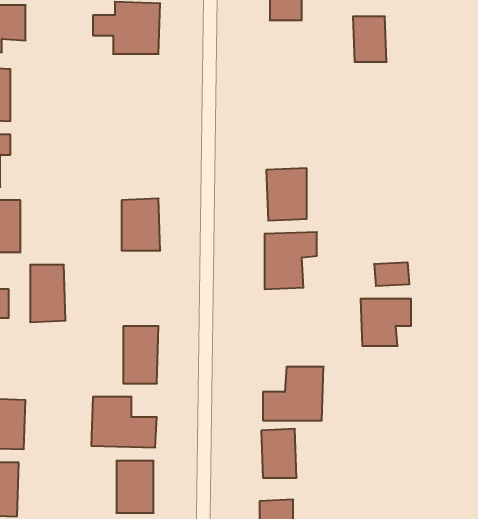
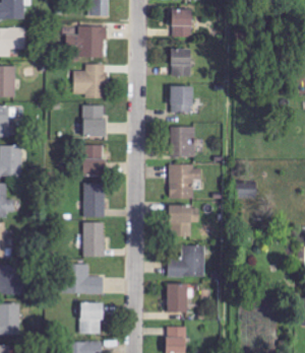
building: [353,16,387,62] -> [171,49,191,76]
building: none -> [73,64,105,98]
building: none -> [170,86,193,113]
building: none -> [82,104,105,137]
building: [30,265,66,322] -> [83,183,105,217]
building: [361,299,411,346] -> [169,206,199,234]

